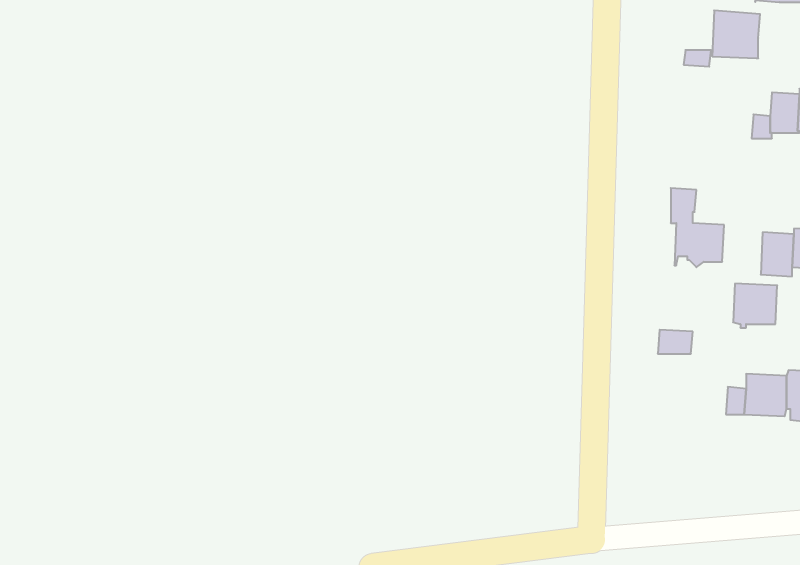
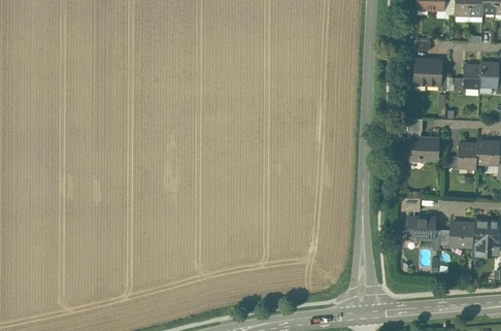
building: [712,10,760,58] -> [414,59,441,86]
building: [733,284,777,328] -> [409,217,434,241]

